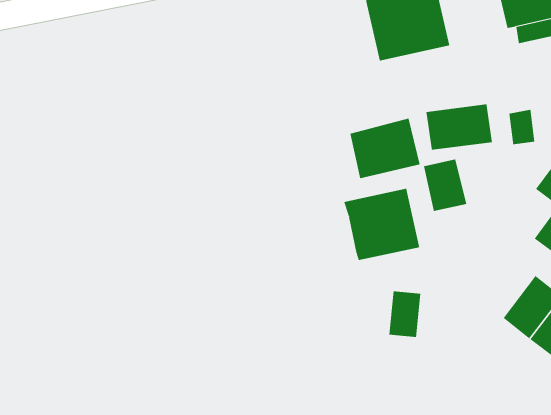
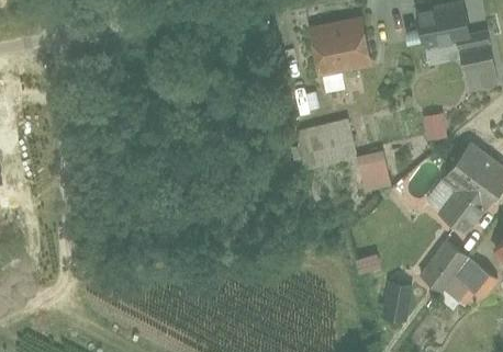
building: [426,103,492,151] -> none
building: [344,188,420,261] -> none
building: [389,291,421,338] -> [382,281,407,317]

